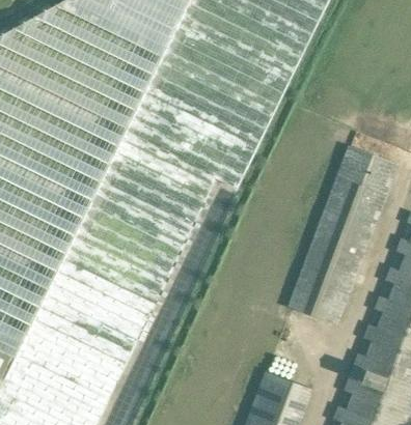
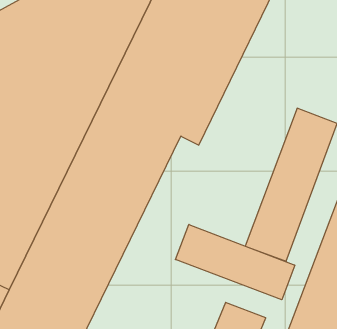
building: none -> [175,224,295,300]

